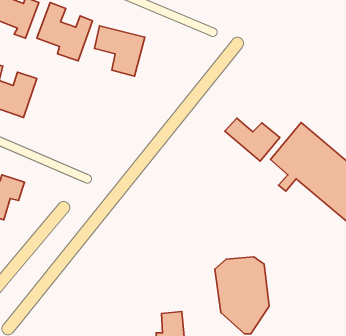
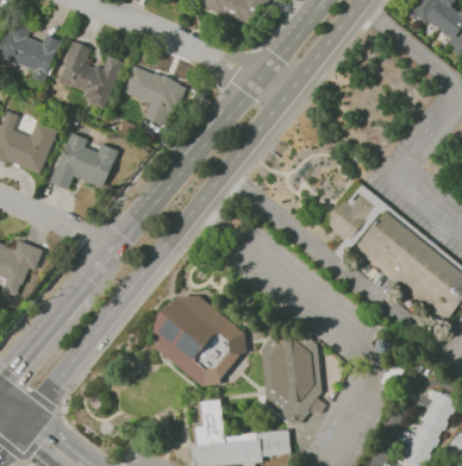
building: none -> [49,132,117,189]
building: [225,118,280,161] -> none
building: none -> [156,298,250,388]

